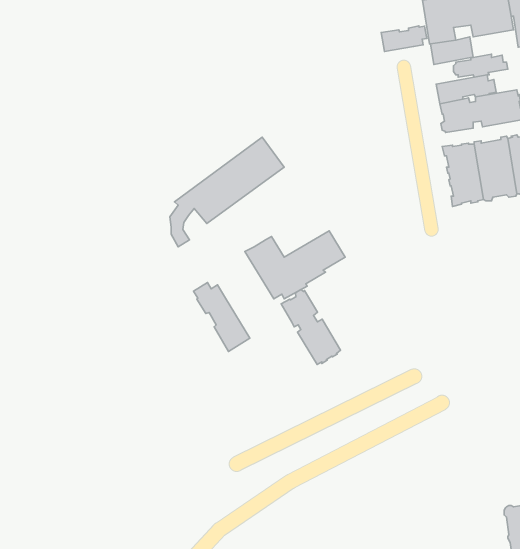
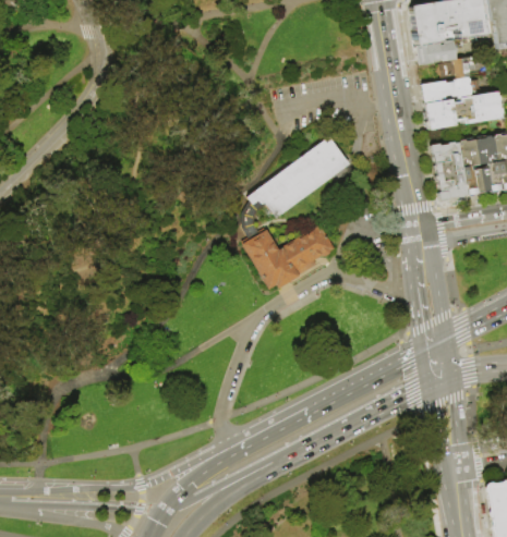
building: [381,26,427,52] -> none
building: [170,137,284,247] -> [242,135,350,239]
building: [193,283,250,351] -> none
building: [281,290,341,365] -> none

